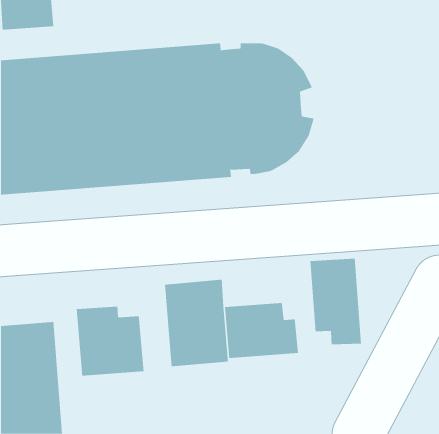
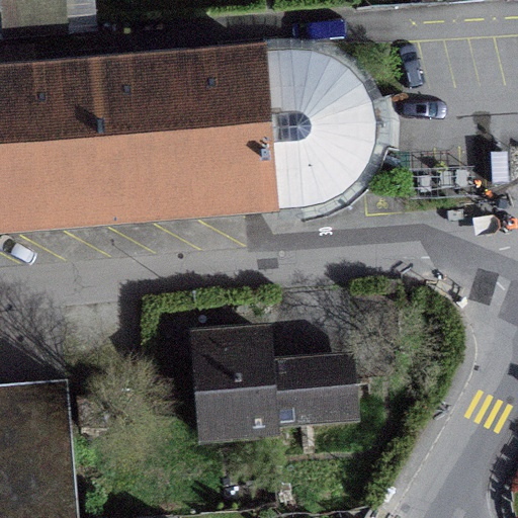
building: [310,258,362,345] -> none
building: [76,306,144,377] -> none

